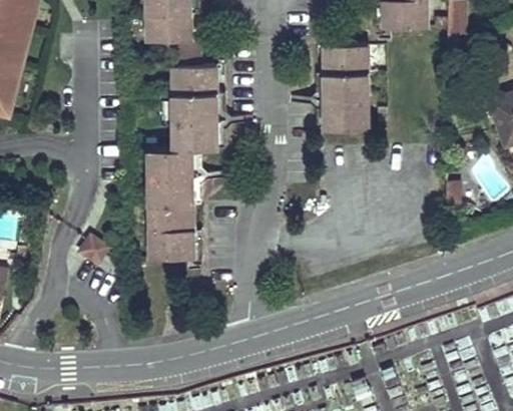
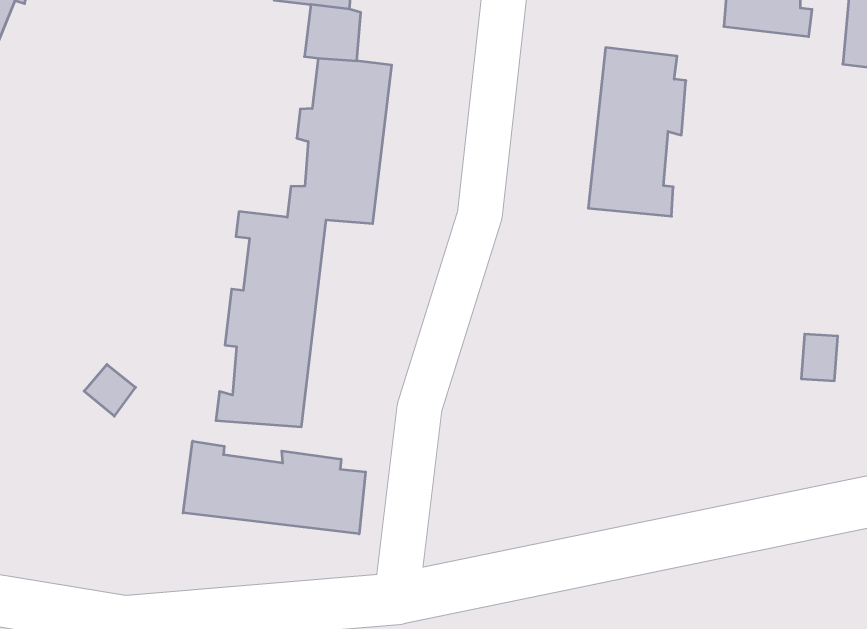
building: none -> [183,441,366,534]

